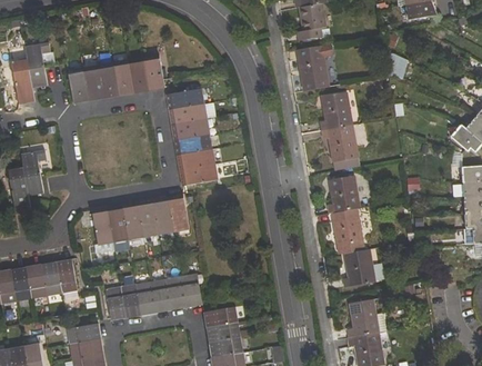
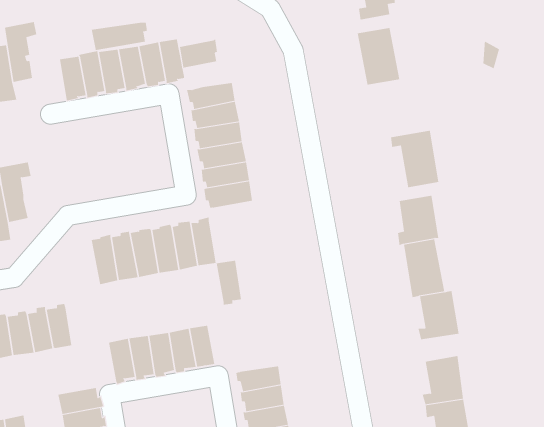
building: none -> [91,22,147,51]
building: none -> [179,39,217,69]
building: [319,93,352,131] -> none
building: [181,274,201,308] -> [216,260,242,305]

